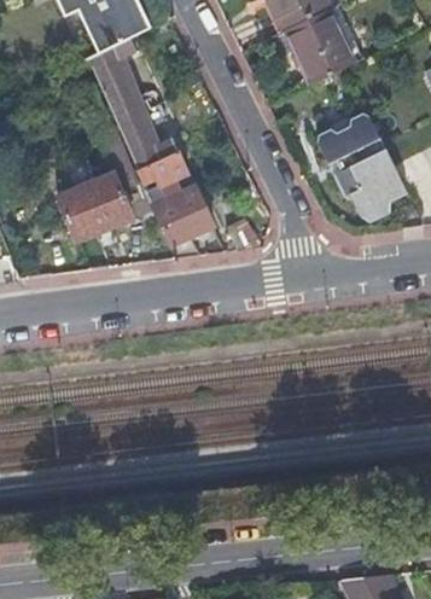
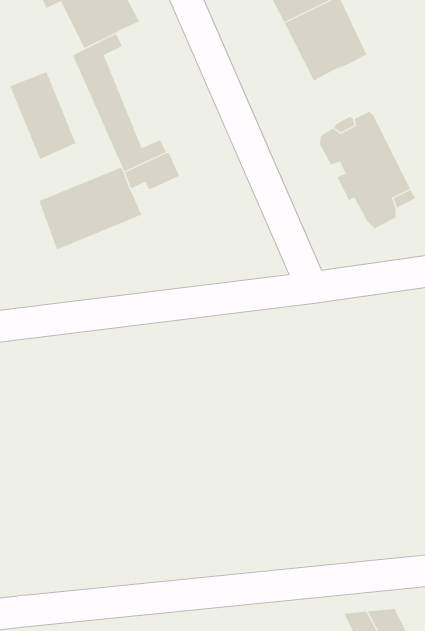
building: none -> [10,71,76,160]
building: [145,185,214,257] -> none

